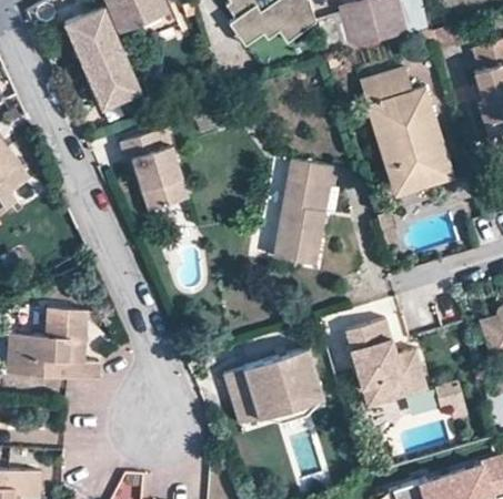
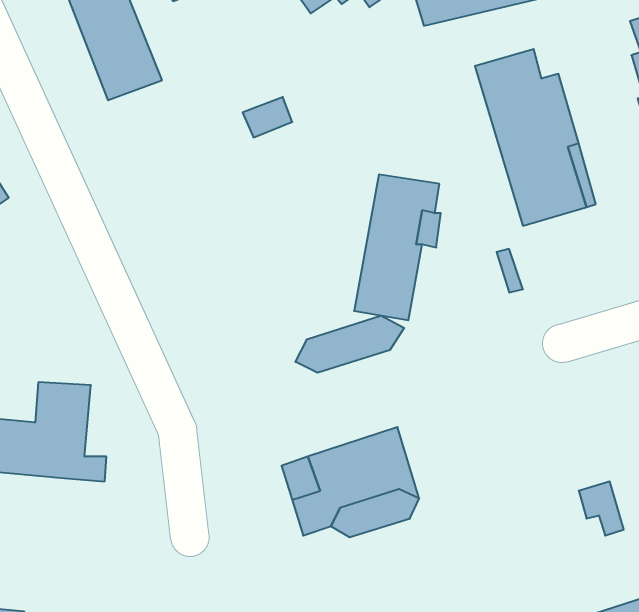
building: [121,126,189,211] -> none
building: none -> [295,316,404,373]
building: [345,316,429,406] -> none

